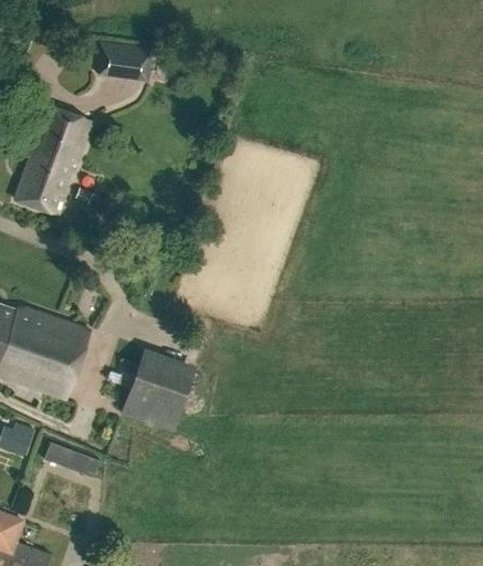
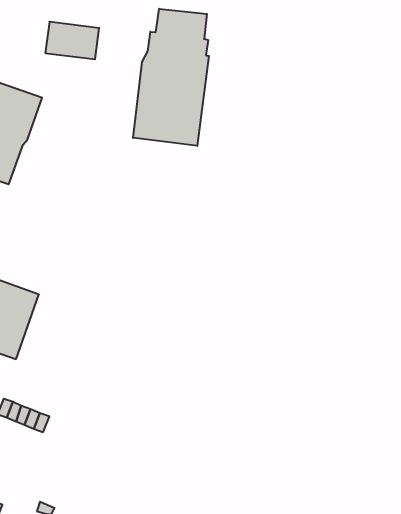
building: none -> [133,9,209,146]
building: [122,349,195,430] -> none

